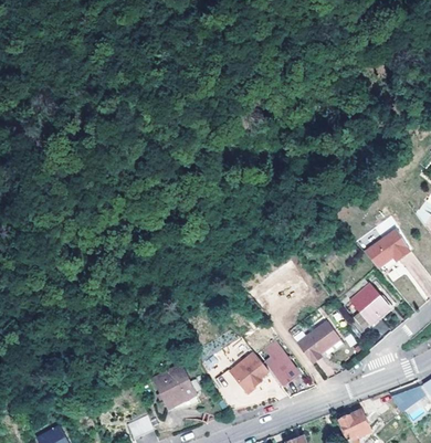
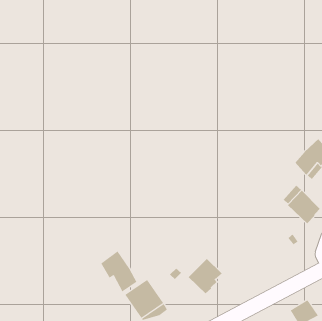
building: [298,321,340,365] -> none
building: none -> [101,251,137,292]
building: [265,349,299,386] -> none

